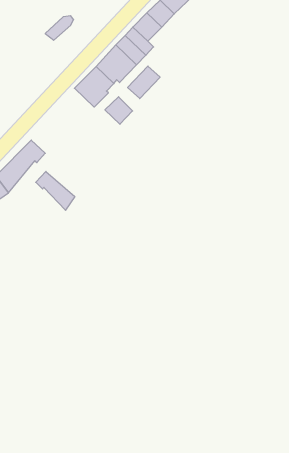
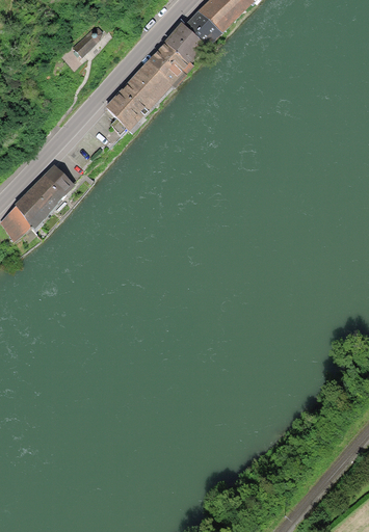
building: [128,66,160,99] -> none
building: [105,97,133,124] -> none
building: [36,171,75,210] -> none

